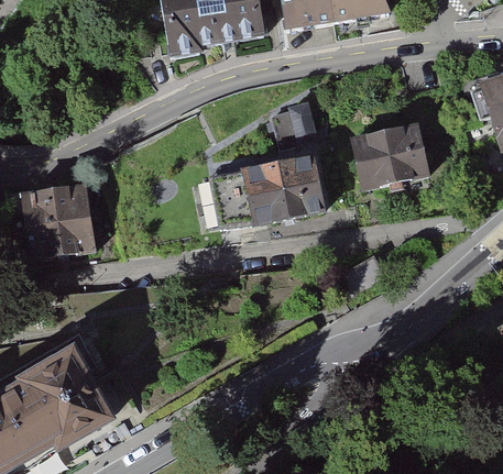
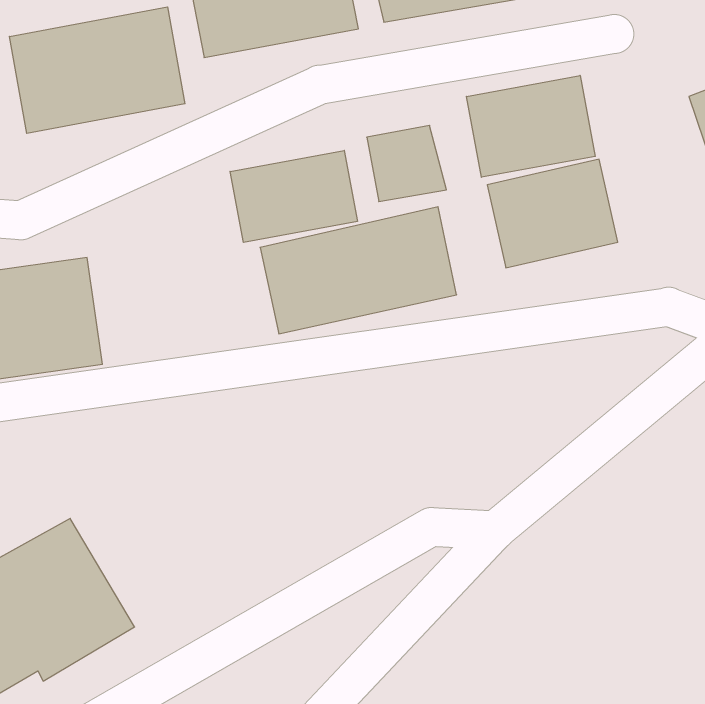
building: none -> [9,7,185,133]
building: none -> [466,75,595,177]
building: none -> [230,150,357,242]

